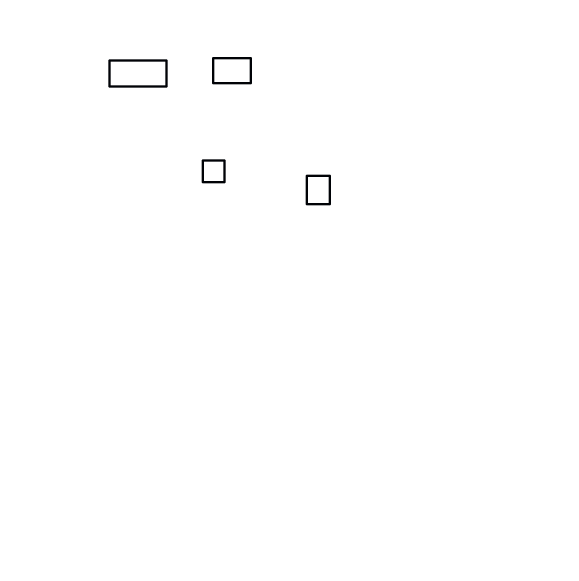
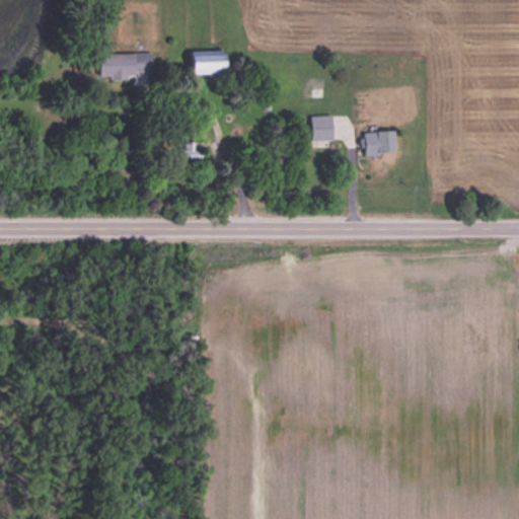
building: none -> [365,132,395,154]
building: [307,176,330,204] -> [313,117,333,142]

